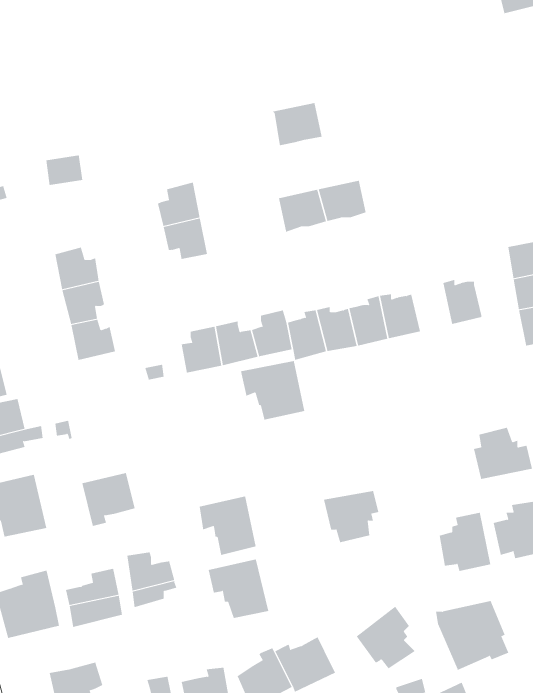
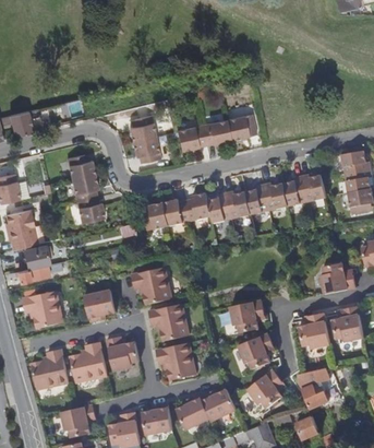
building: [272,102,322,146] -> [174,123,205,150]
building: none -> [281,175,305,204]
building: [240,360,305,420] -> [130,268,169,304]
building: none -> [237,333,270,369]

